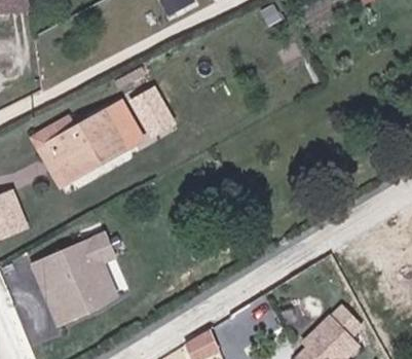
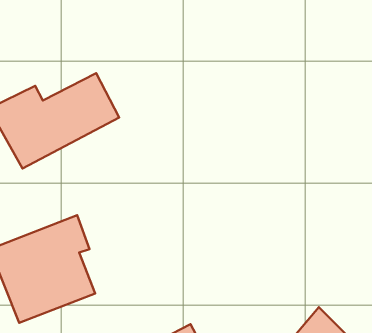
building: [134,85,177,137] -> none

